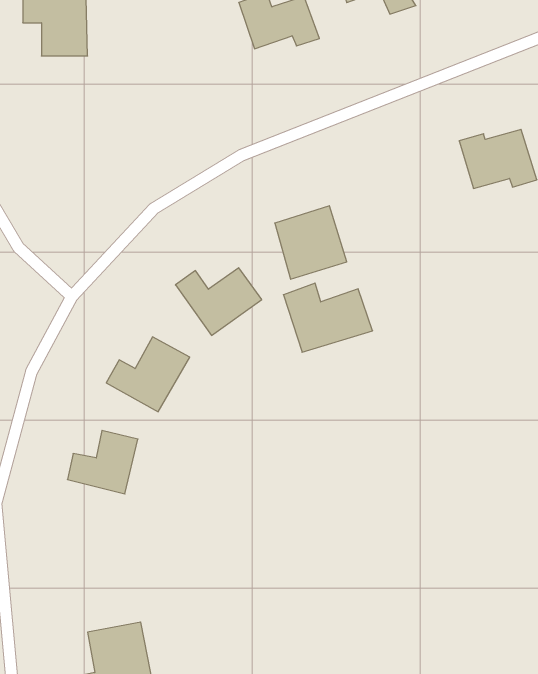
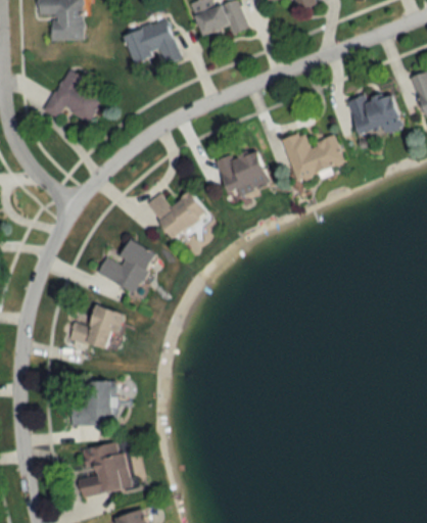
building: none -> [124,18,182,66]
building: none -> [43,68,103,122]
building: [283,283,373,352] -> [281,131,344,180]
building: none -> [72,381,111,424]

